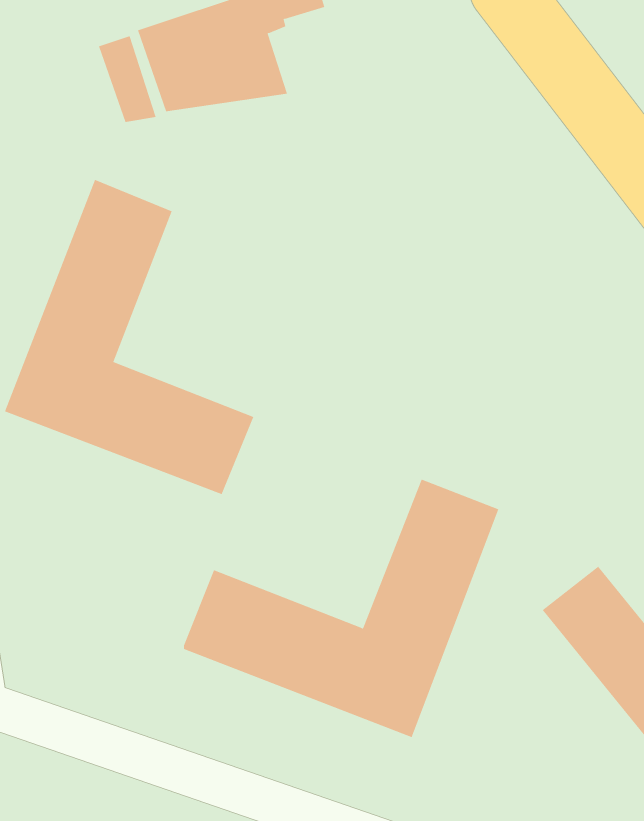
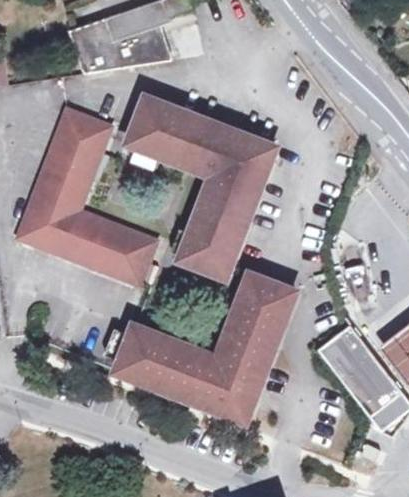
building: none -> [129,98,274,276]

